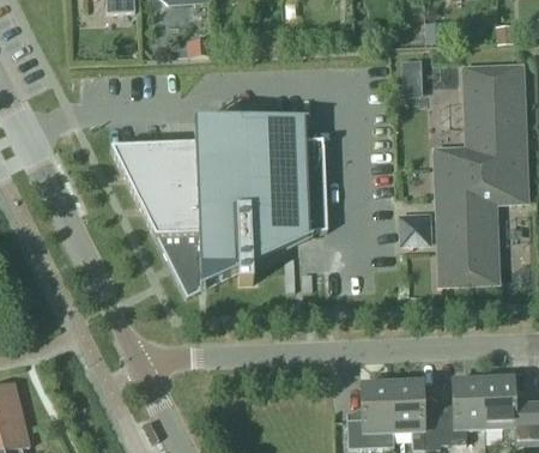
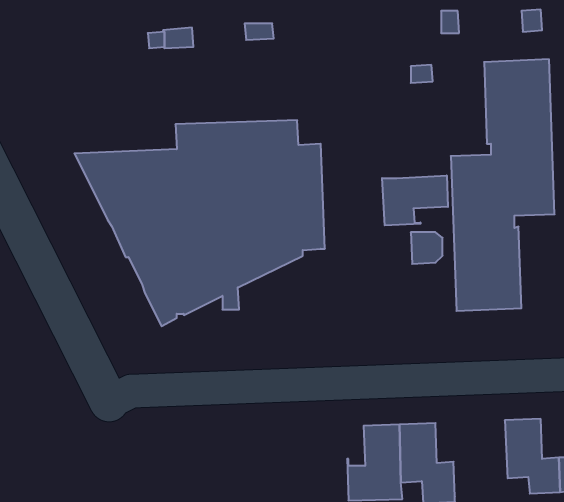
building: none -> [382,175,448,225]
building: [438,376,485,442] -> none

